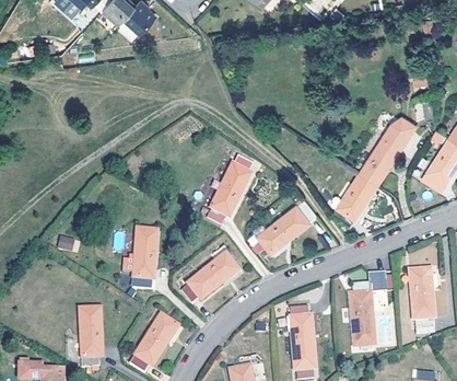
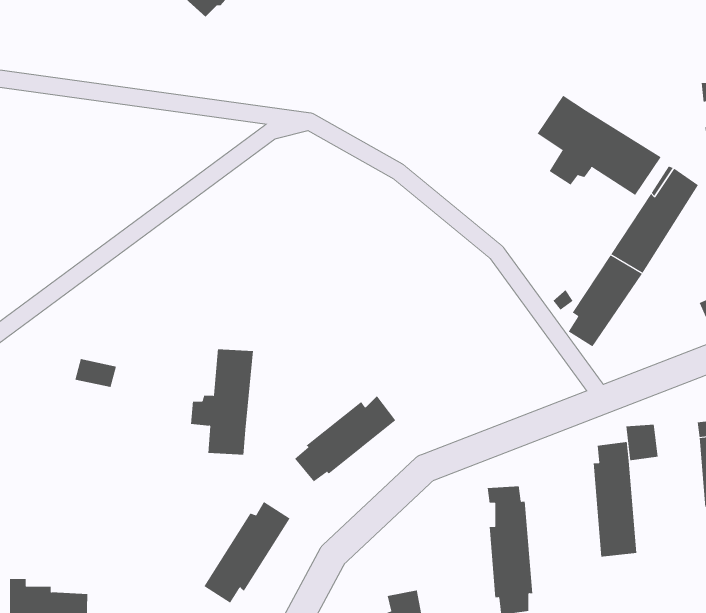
building: none -> [537,95,662,196]
building: [207,154,254,224] -> none
building: [261,199,317,253] -> none
building: [79,307,102,366] -> none

